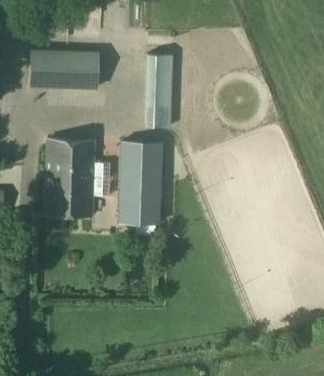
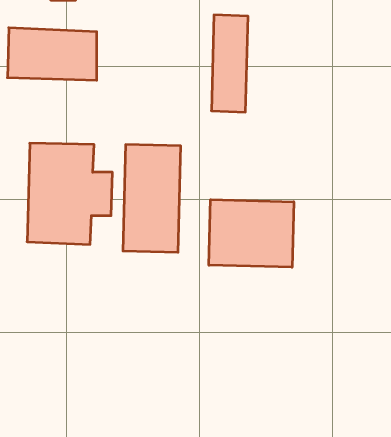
building: [145,53,173,127] -> [211,15,248,112]
building: none -> [209,200,294,267]

